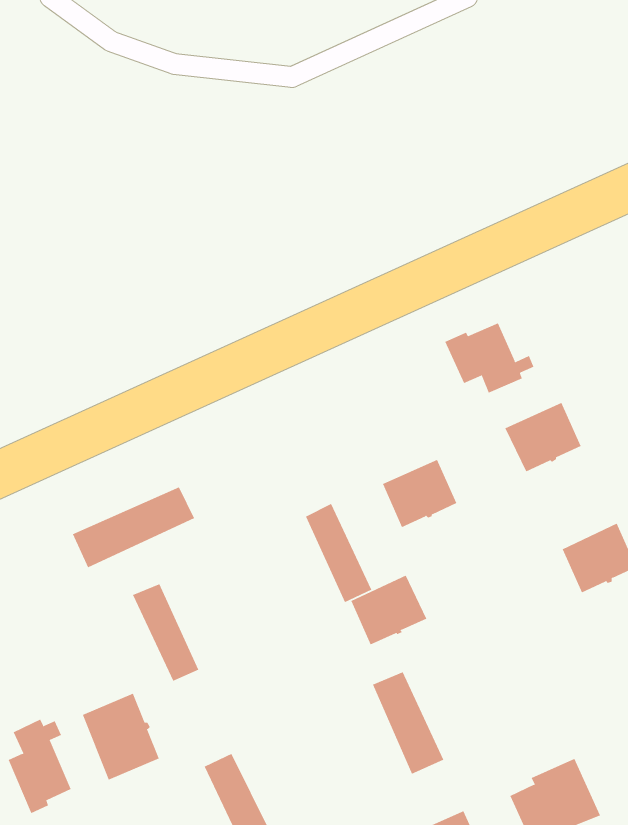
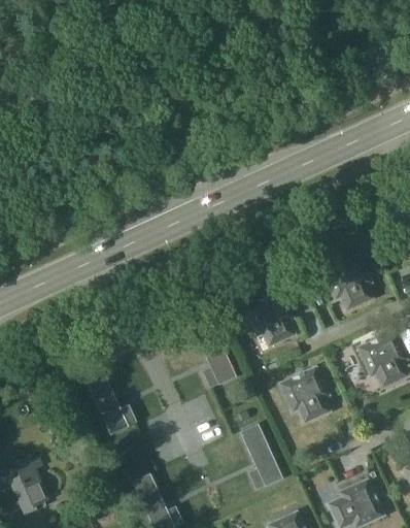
building: [444,323,534,393] -> none
building: [72,487,195,568] -> none
building: [351,575,427,645] -> [279,370,328,415]
building: [82,693,160,781] -> none

